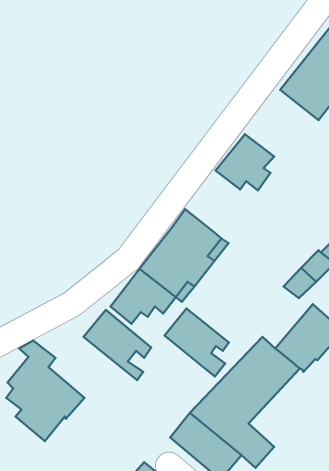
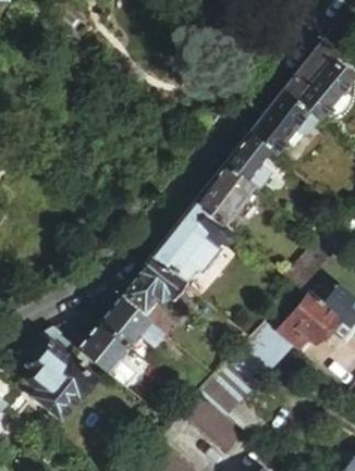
building: none -> [248,92,317,156]
building: none -> [193,168,249,225]
building: [164,309,229,377] -> [77,322,137,385]

